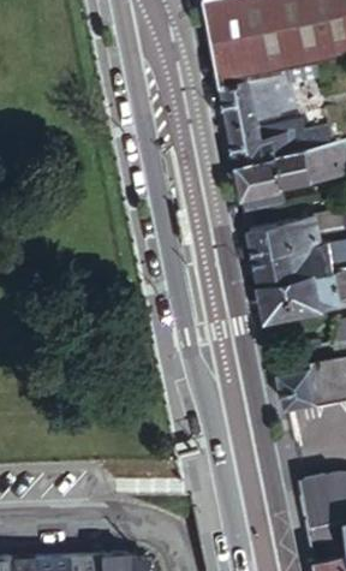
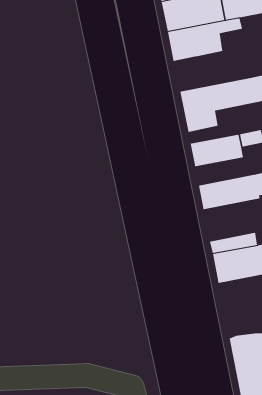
building: [227,118,328,162] -> none
building: [255,245,333,284] -> none

